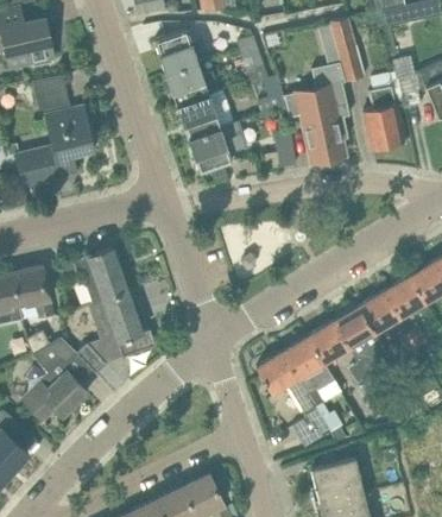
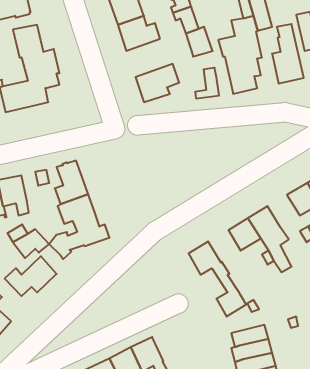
building: [177,90,236,141] -> none
building: [358,292,399,334] -> none
building: [282,338,333,416] -> none

